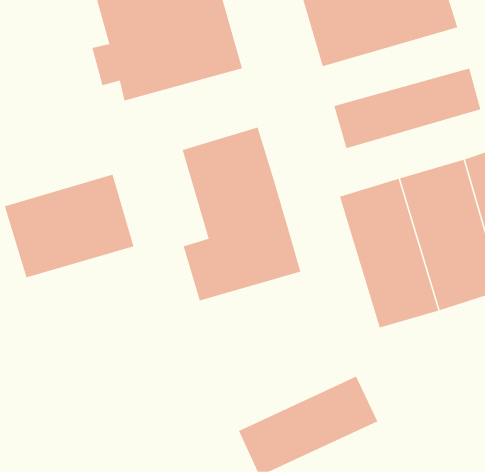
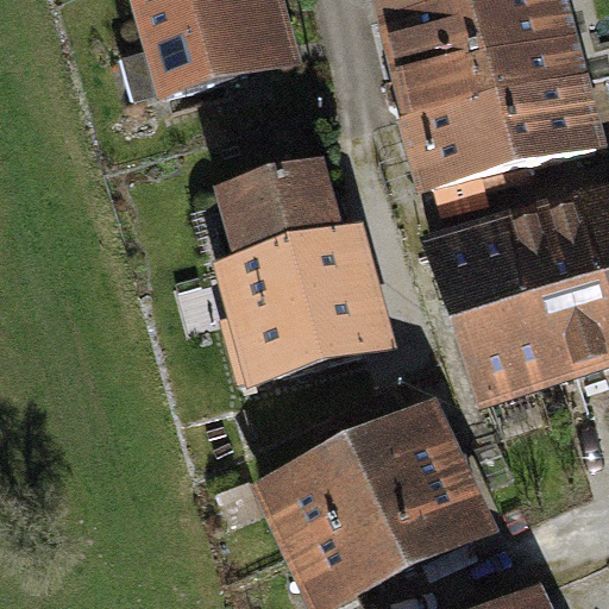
building: none -> [404,34,589,132]
building: [4,174,134,278] -> none
building: none -> [271,409,447,538]

